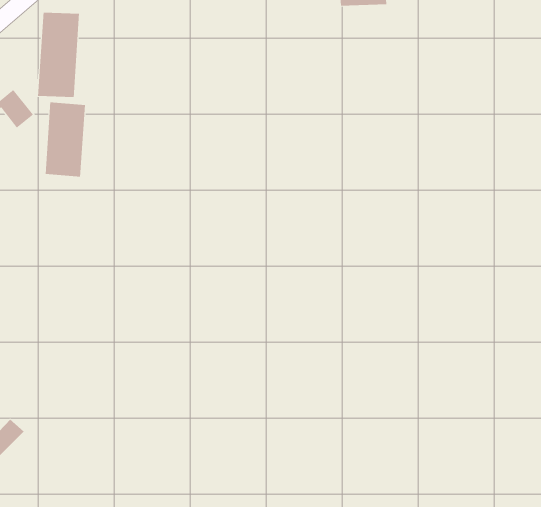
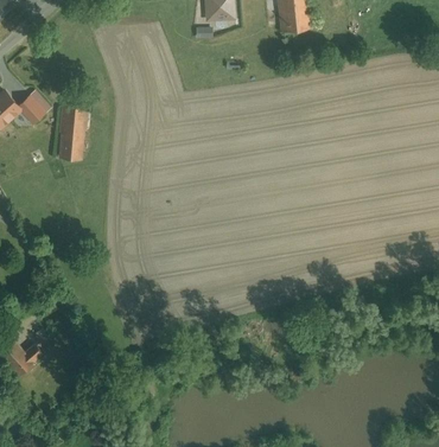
building: [37,12,80,98] -> none

